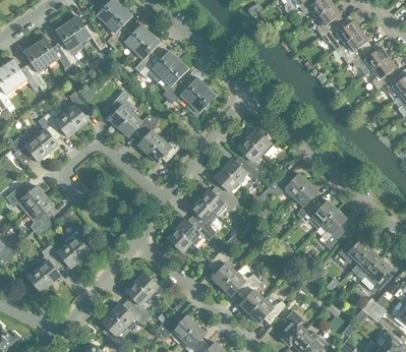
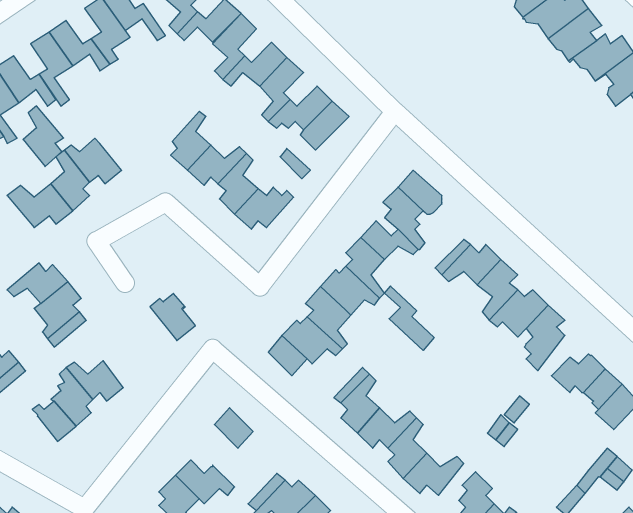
building: [65,92,90,128] -> [23,106,64,167]
building: none -> [385,286,434,350]
building: [63,231,91,259] -> [150,293,195,341]
building: [125,282,151,319] -> none

